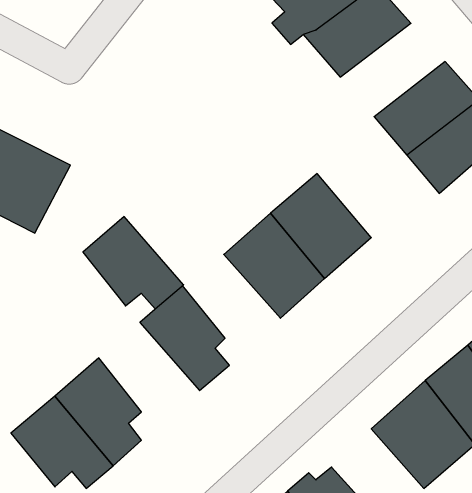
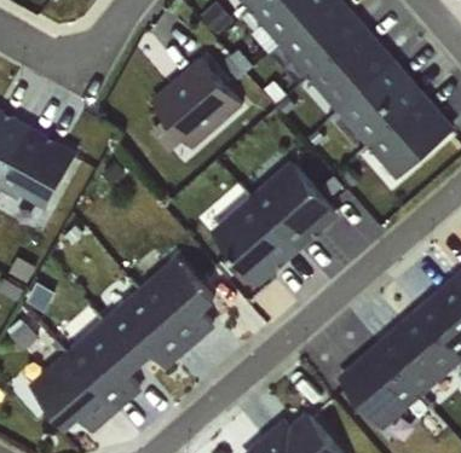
building: none -> [310,34,399,114]
building: none -> [154,63,244,152]
building: [83,217,184,309] -> [104,289,190,367]

